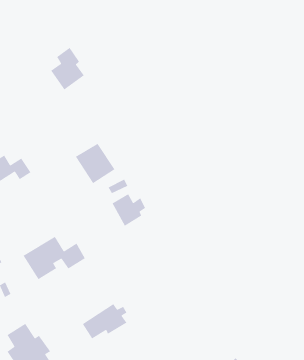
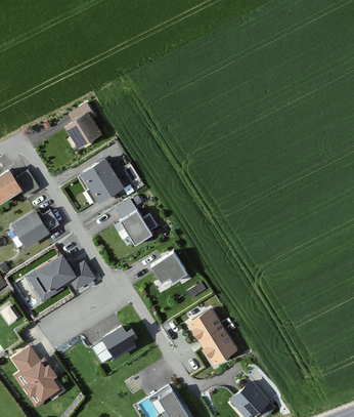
building: [50,47,85,90] -> [64,103,100,149]
building: none -> [11,213,47,247]
building: none -> [151,252,187,282]
building: none -> [181,316,230,359]

